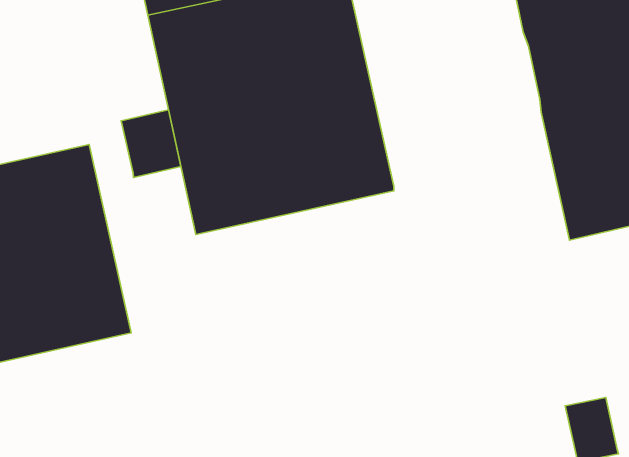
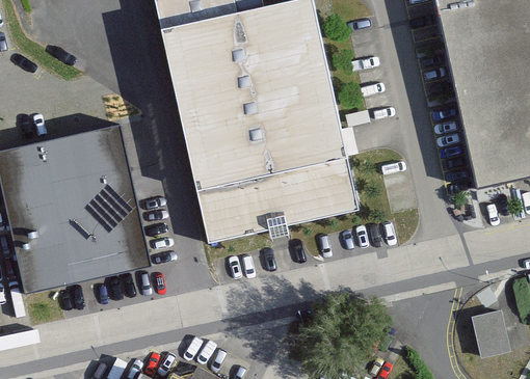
building: [121,110,181,178] -> none
building: none -> [198,160,356,242]

